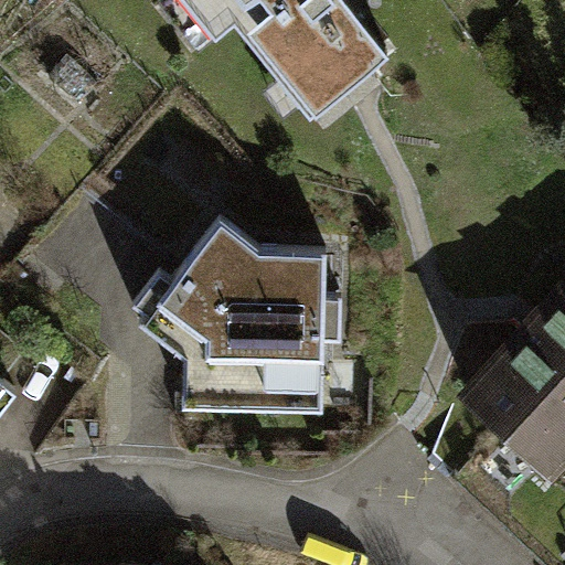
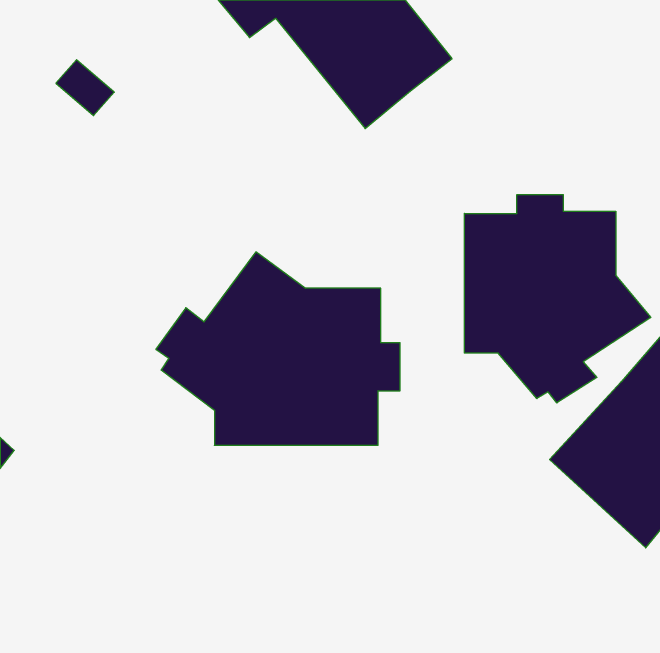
building: none -> [464,195,651,403]

